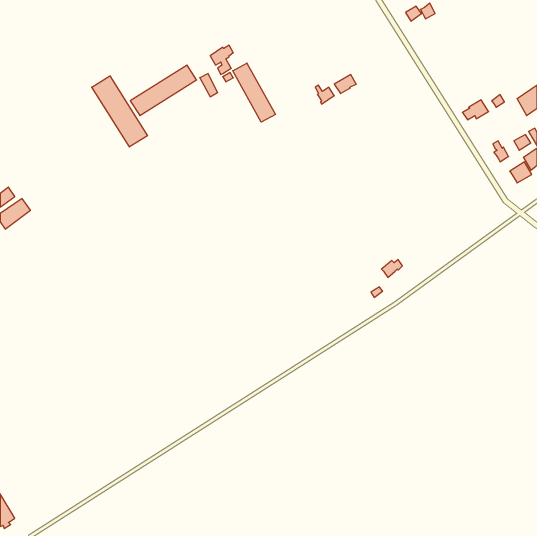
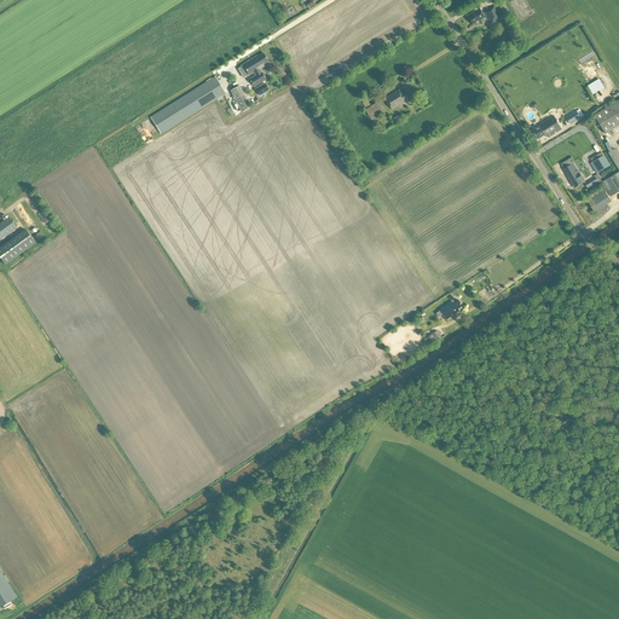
building: [233,63,275,122] -> none
building: [92,76,148,147] -> none

